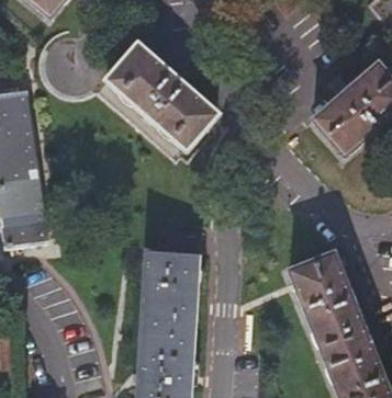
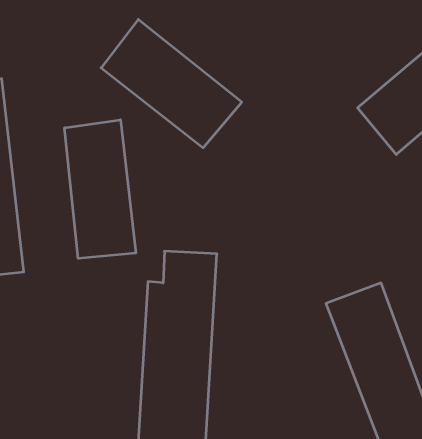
building: none -> [65,120,136,258]

